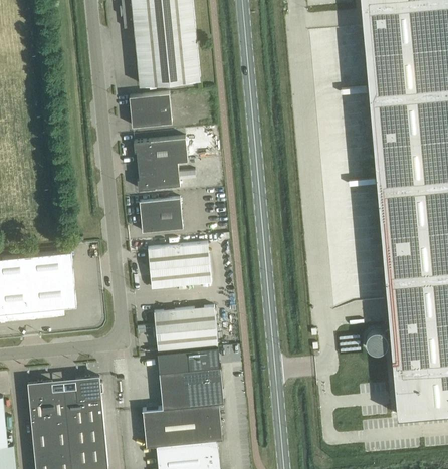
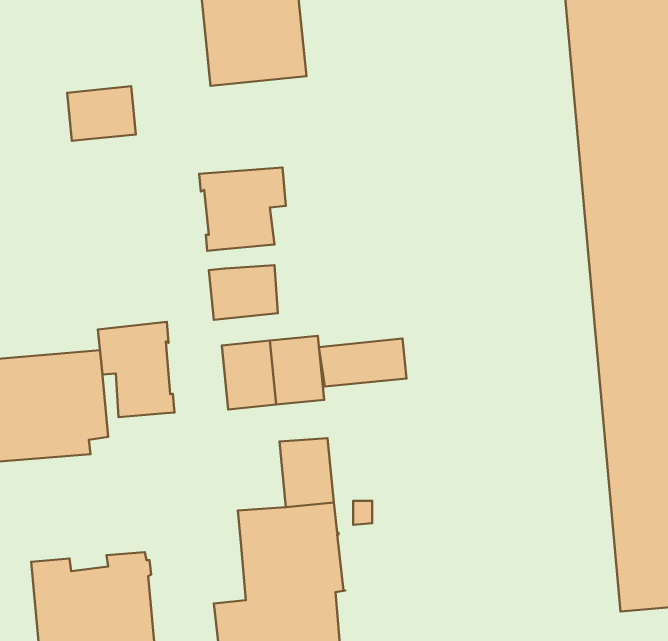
building: [130,92,173,127] -> [67,86,136,141]
building: none -> [98,322,174,417]
building: none -> [319,339,407,387]
building: [154,308,188,351] -> none

